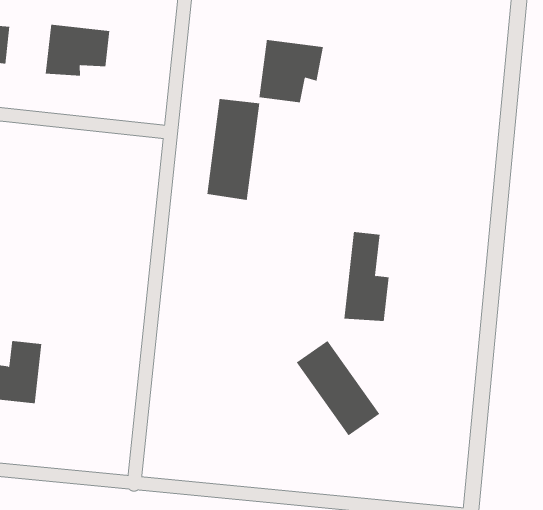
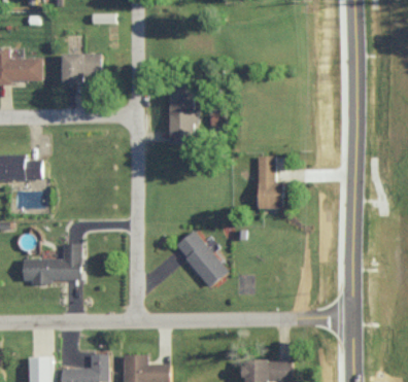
building: [259,39,323,103] -> none
building: [296,340,380,436] -> [174,232,228,287]

